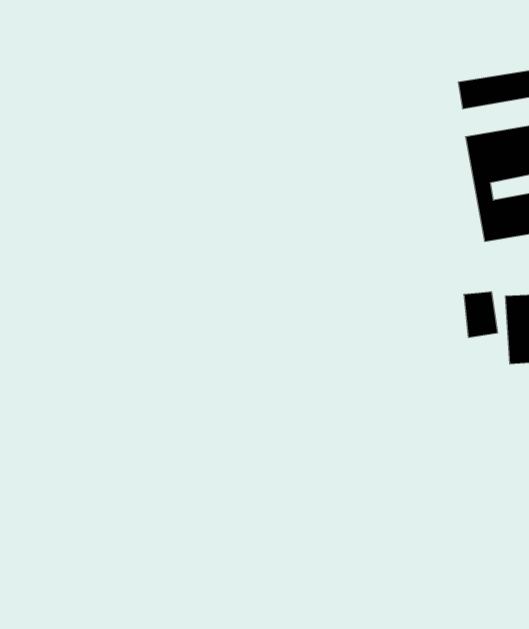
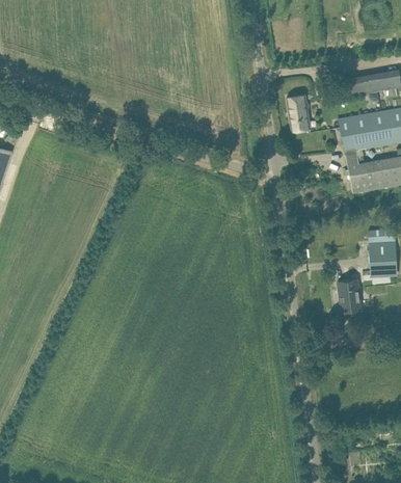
building: none -> [286,95,309,131]
building: [464,292,498,337] -> [337,279,360,312]

